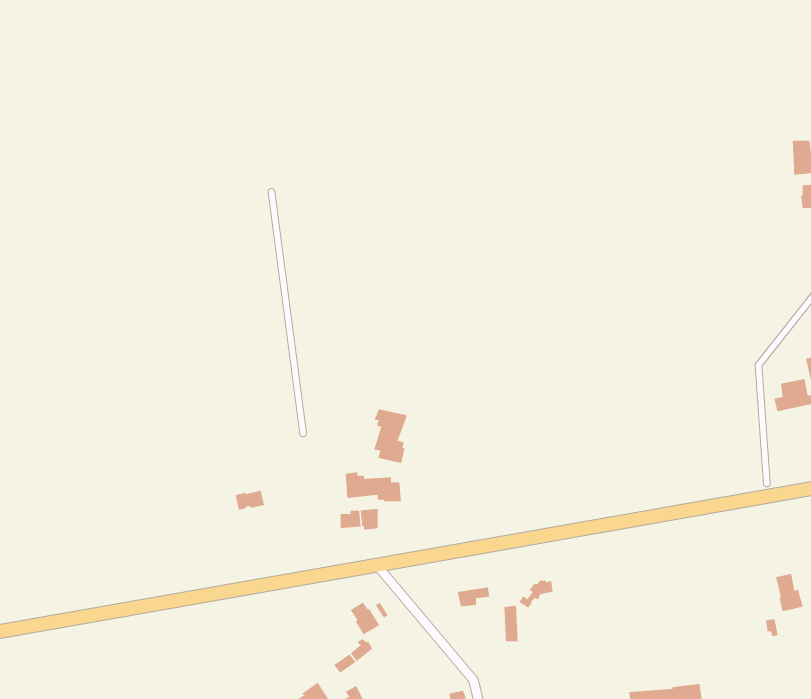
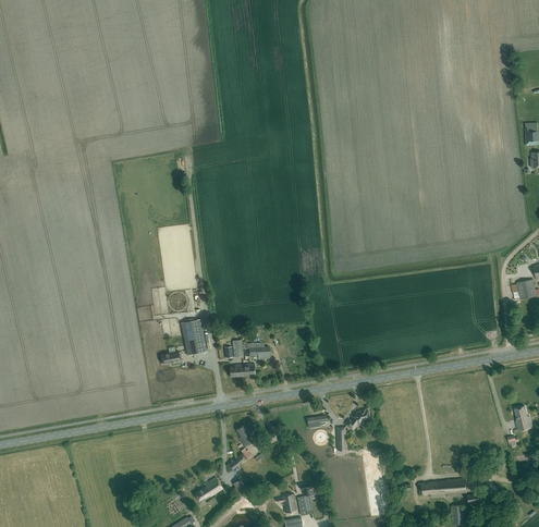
building: [374,409,408,464] -> none
building: none -> [181,319,204,355]

